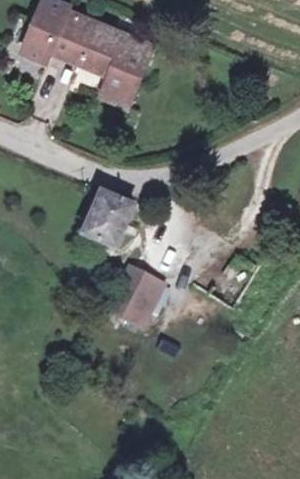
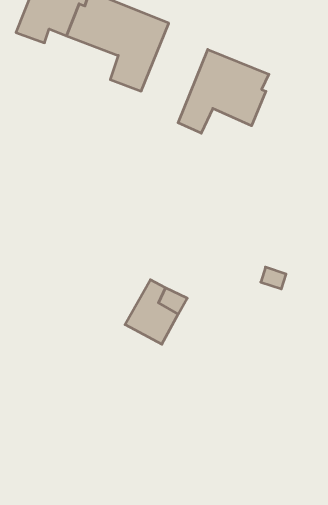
building: none -> [178,49,269,133]
building: [85,193,136,250] -> none

